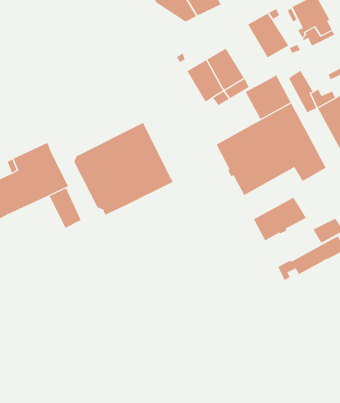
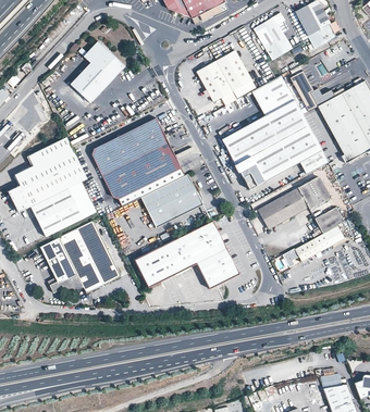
building: none -> [69,40,124,102]
building: none -> [138,174,200,227]
building: none -> [296,176,331,211]
building: none -> [29,187,83,236]
building: none -> [134,219,238,287]
building: none -> [39,220,120,292]

